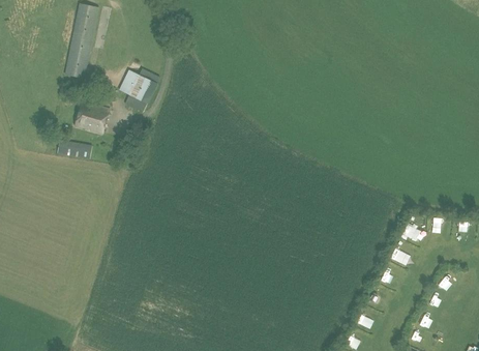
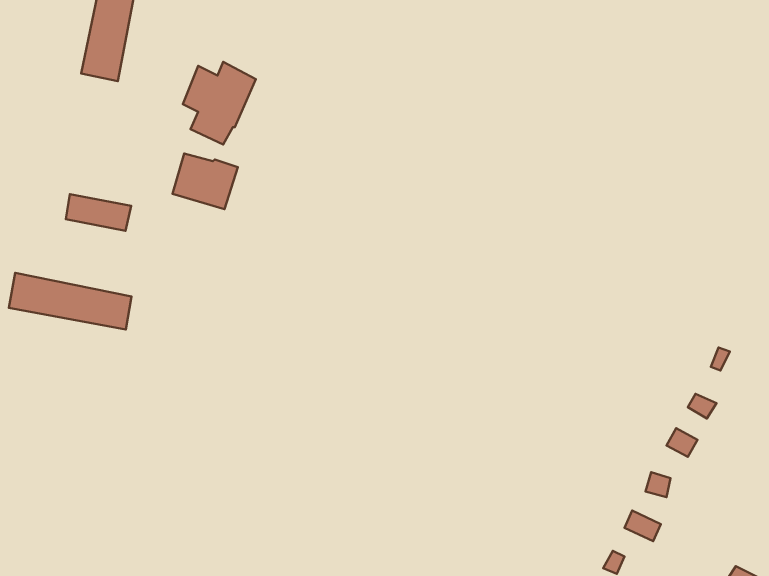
building: [74,103,110,133] -> [173,154,238,209]
building: none -> [9,273,132,330]

